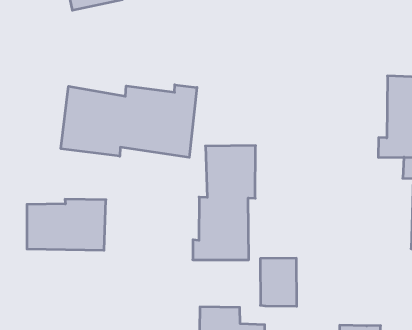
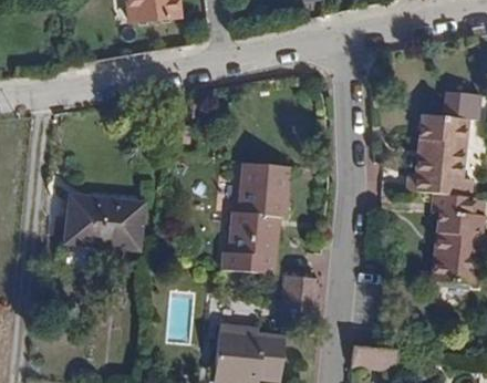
building: [61,85,197,157] -> none

